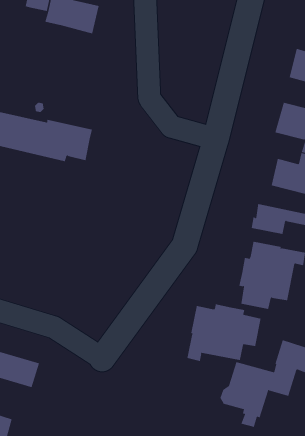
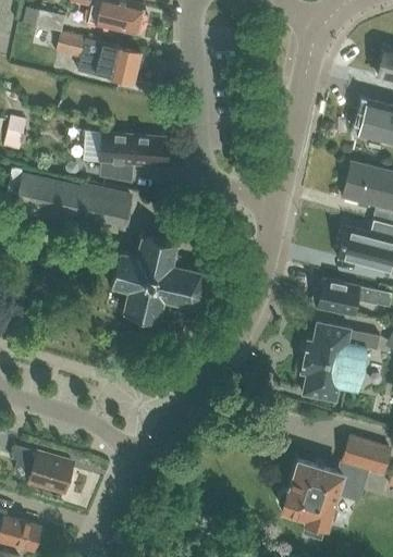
building: none -> [84,131,170,181]
building: none -> [112,232,213,324]
building: [187,304,261,362] -> none

